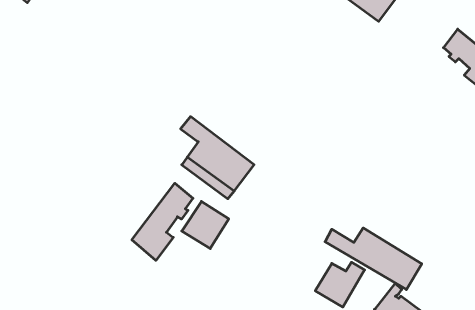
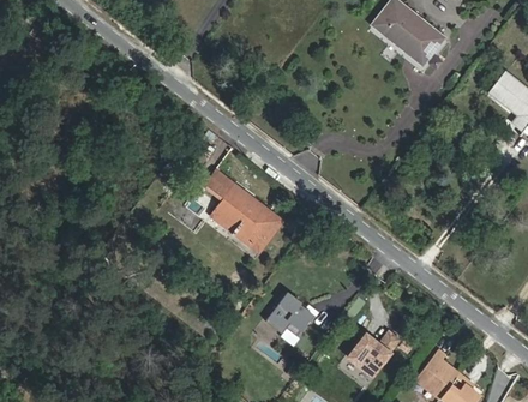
building: [132,183,193,260] -> none
building: [182,201,229,249] -> [268,289,319,341]
building: [325,228,422,290] -> none

